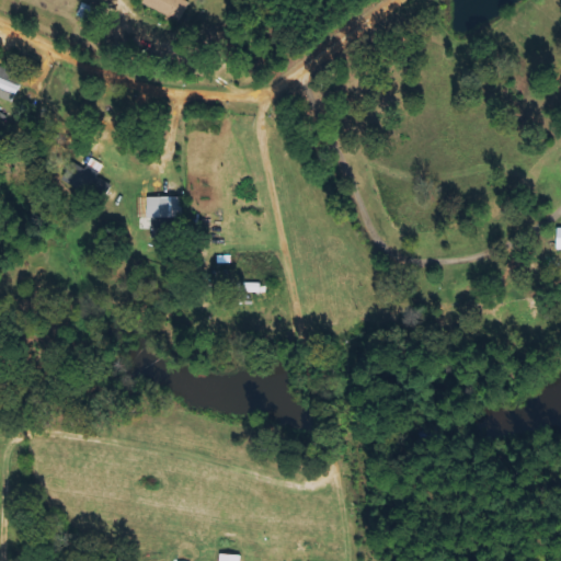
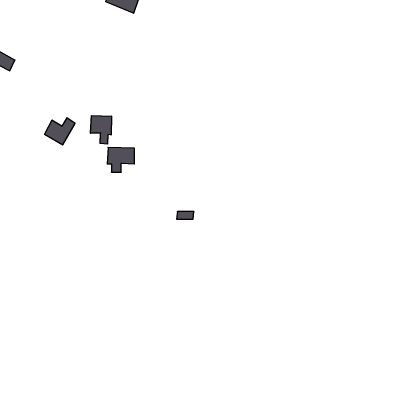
building: none -> [91,116,111,144]

